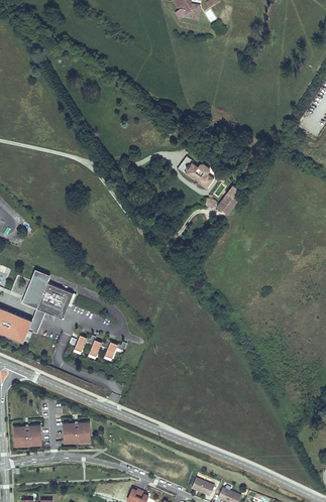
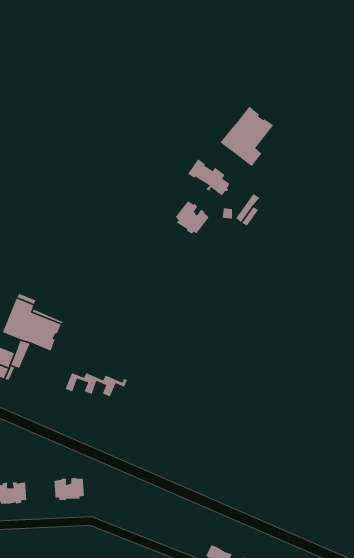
building: none -> [220,105,274,167]
building: none -> [175,200,209,235]

